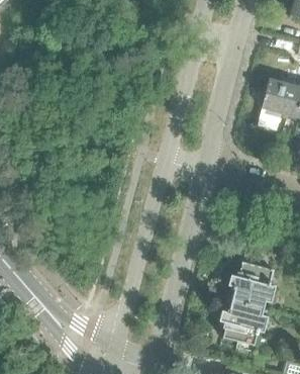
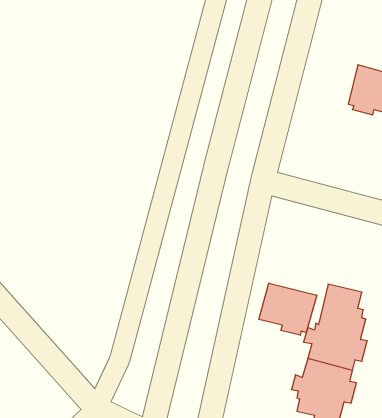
building: none -> [259,283,317,335]

